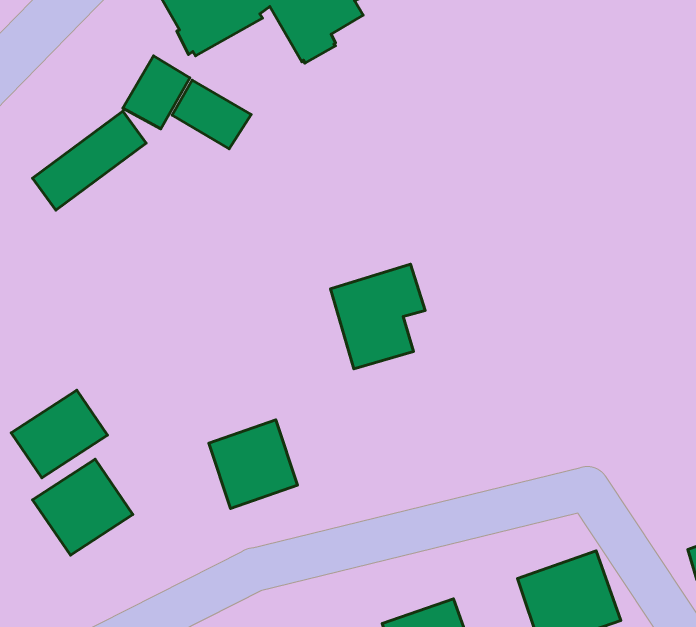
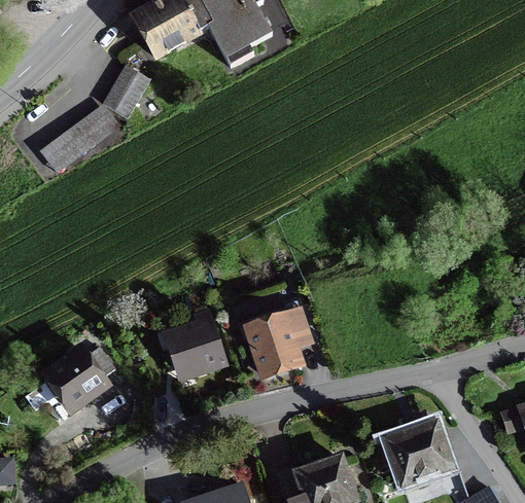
building: [172,80,251,149] -> none
building: [330,264,425,369] -> [244,309,311,383]
building: [11,390,107,478] -> none

